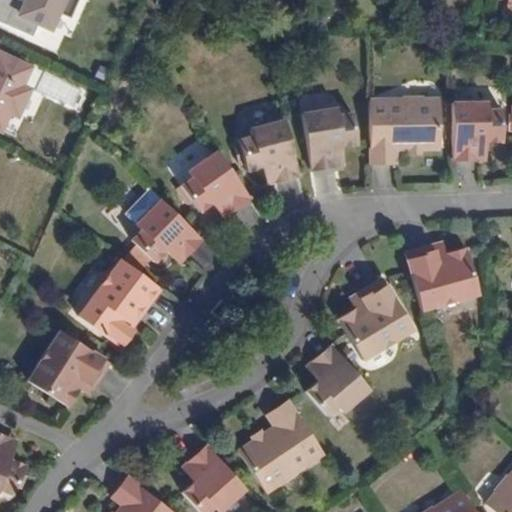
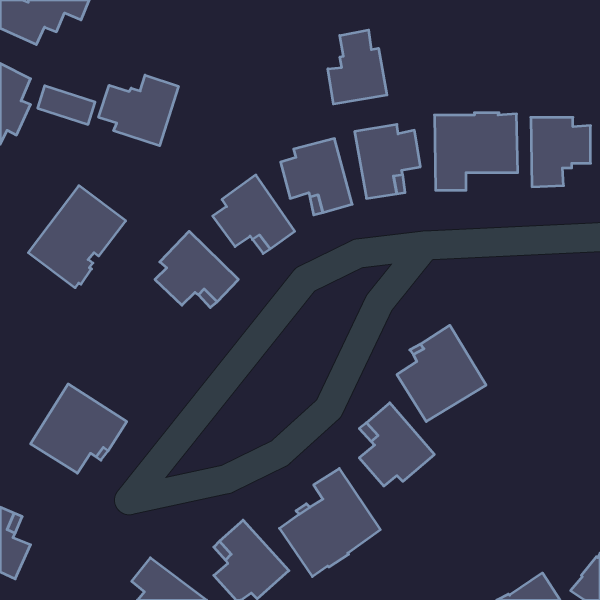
building: none -> [328,30,387,104]
building: none -> [99,75,178,146]
building: [406,243,479,308] -> none
building: [79,258,162,345] -> [28,186,126,288]

